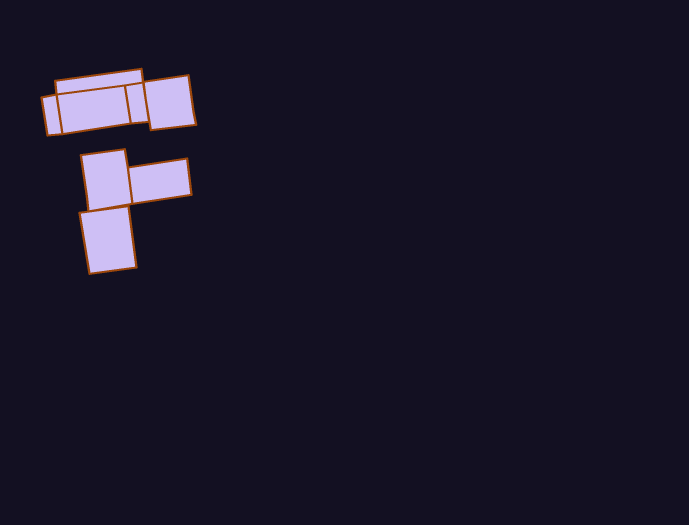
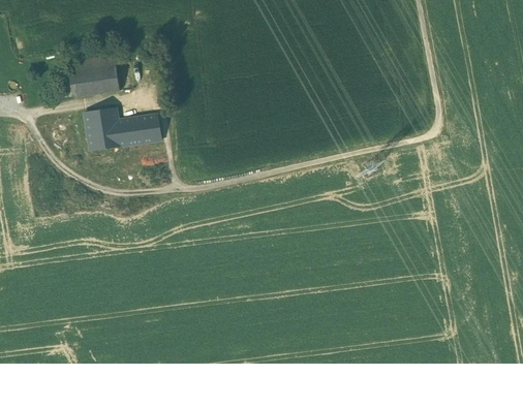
building: [144,75,196,130] -> none
building: [79,206,137,274] -> none

